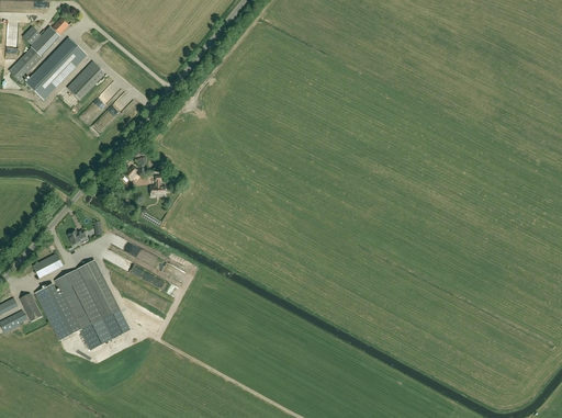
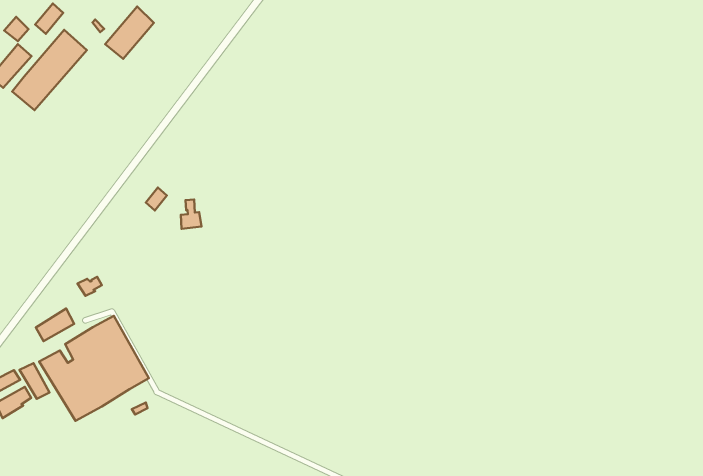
building: [67,60,105,100] -> [105,7,154,59]

